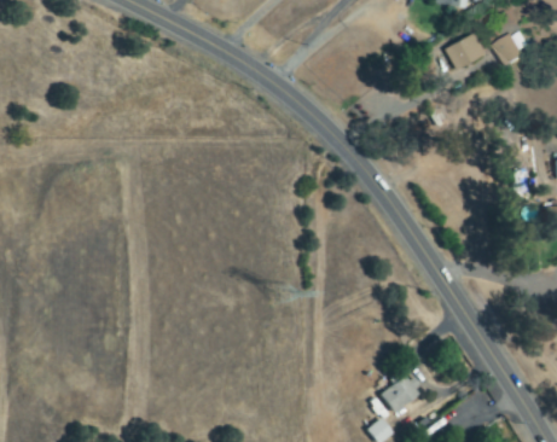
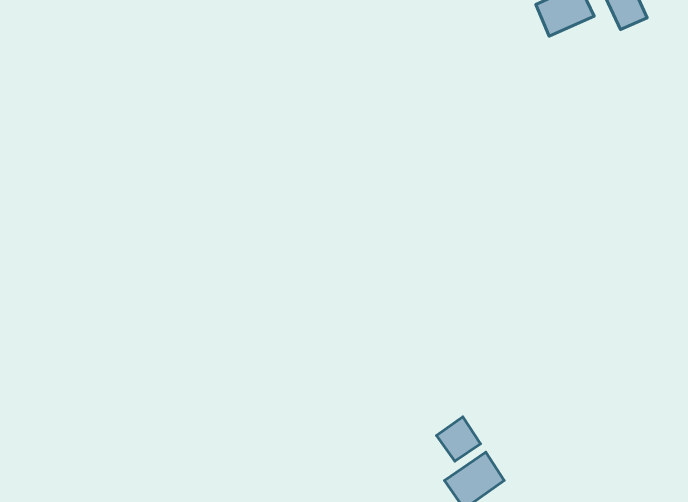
building: none -> [436,417,481,461]

